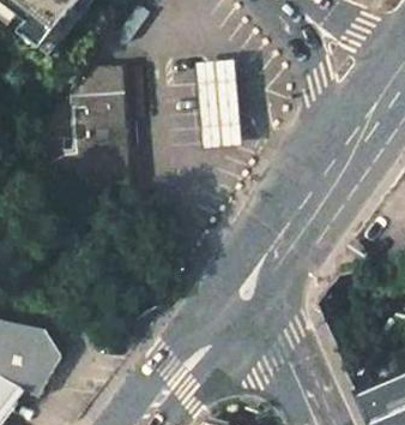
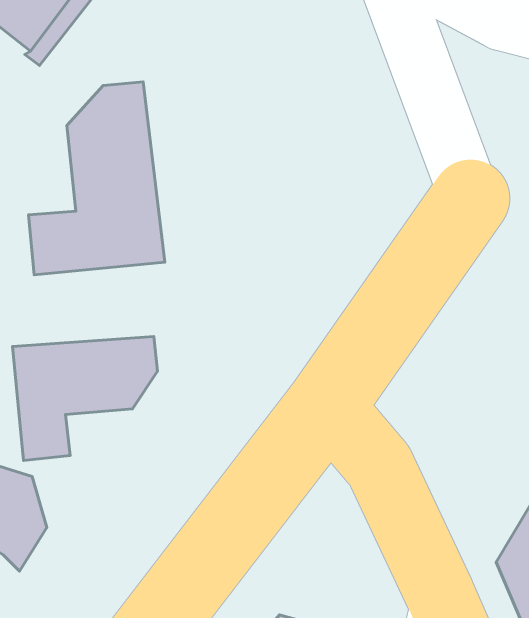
building: [193,62,241,152] -> none
building: none -> [12,336,157,460]

